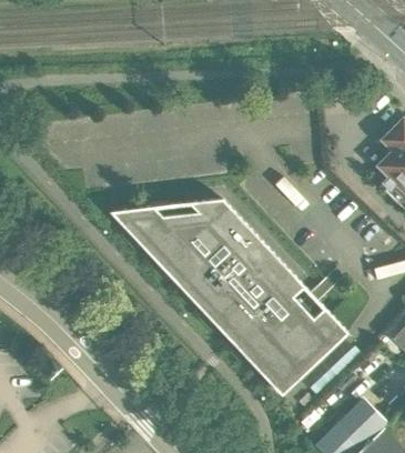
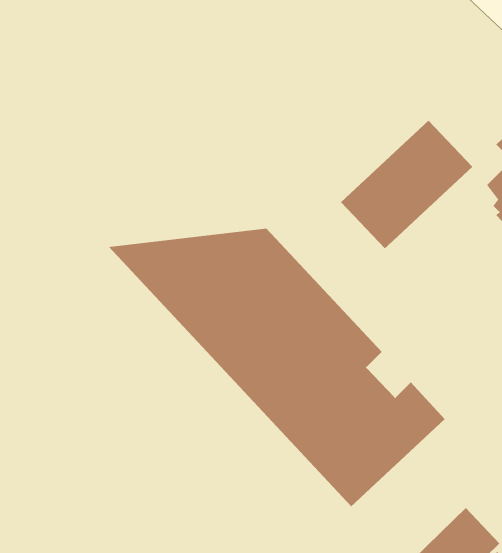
building: none -> [340,120,473,249]

